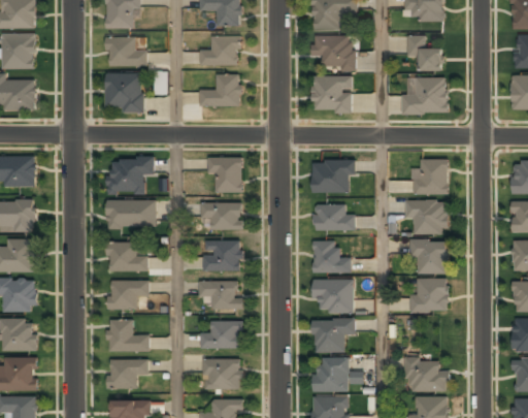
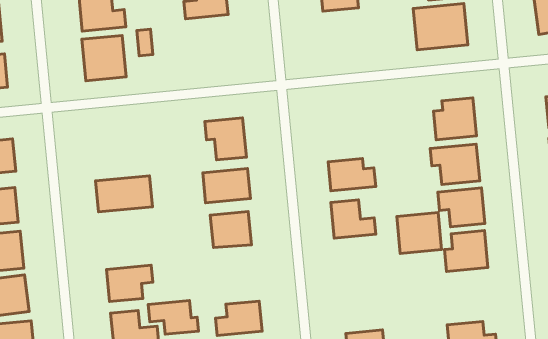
building: [200,73,241,106] -> none
building: [312,75,352,111] -> none
building: [108,159,154,195] -> none
building: [312,160,353,192] -> none
building: [107,243,147,271] -> none
building: [316,280,353,313] -> [397,213,442,253]
building: [199,282,241,310] -> [148,300,198,334]
building: [314,320,355,352] -> none

